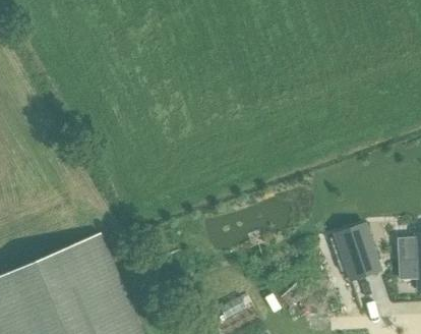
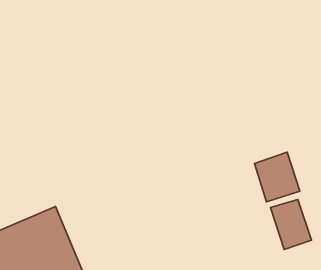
building: none -> [254,152,300,202]

